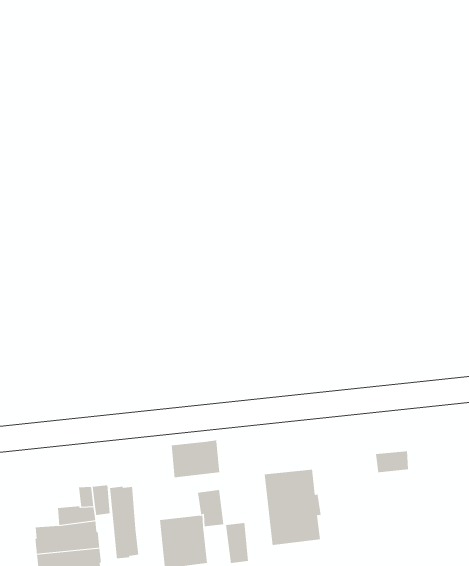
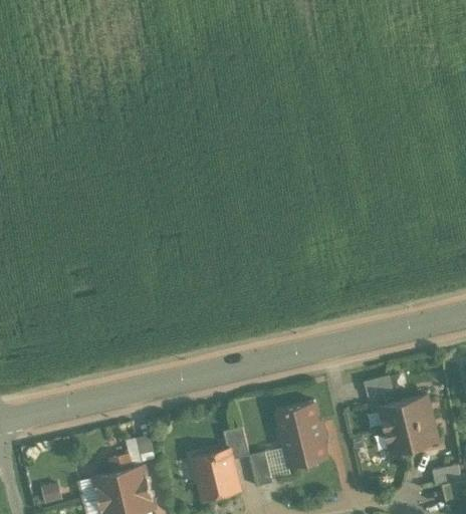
building: [171,439,220,478] -> none
building: none -> [381,396,438,453]
building: [110,486,139,559] -> none

